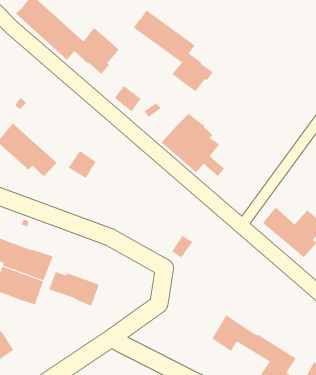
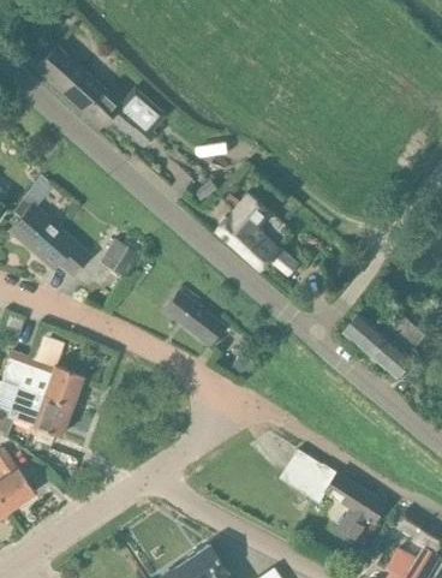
building: [133,10,214,92] -> none
building: none -> [165,291,222,344]
building: [49,271,99,307] -> none

